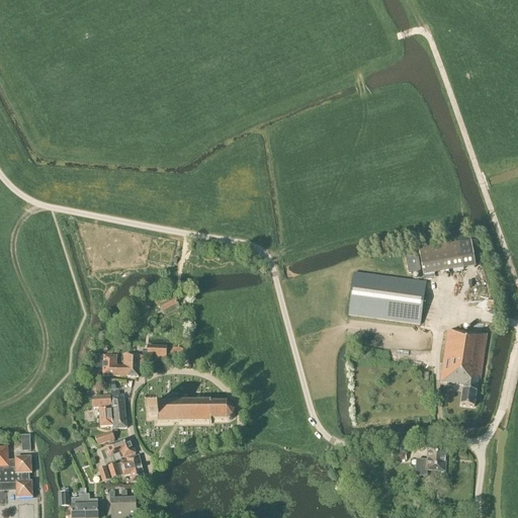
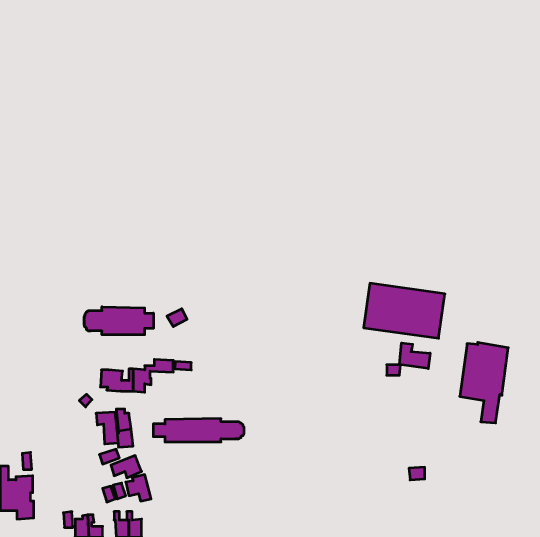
building: [419,240,463,274] -> none
building: none -> [84,307,153,335]
building: none -> [399,343,430,369]
building: [416,447,446,474] -> none

